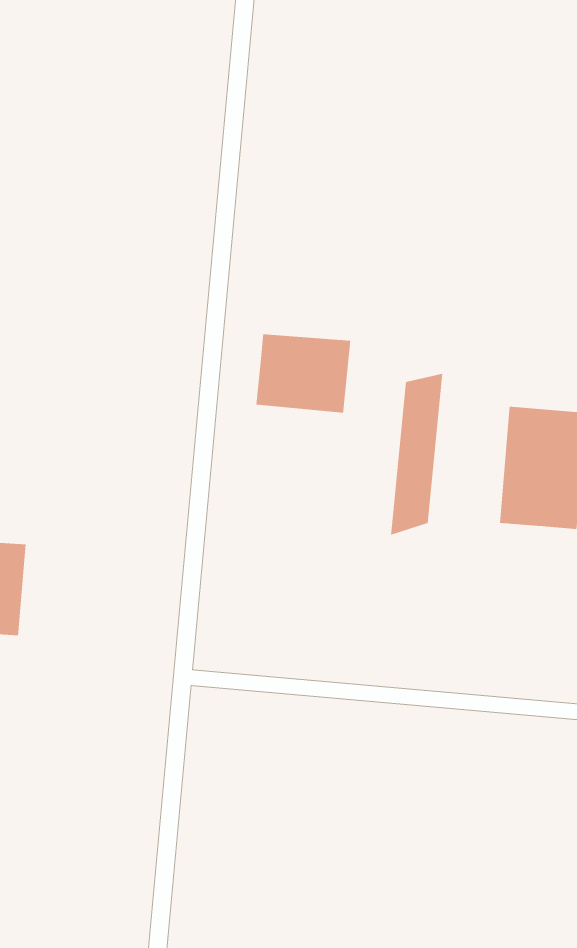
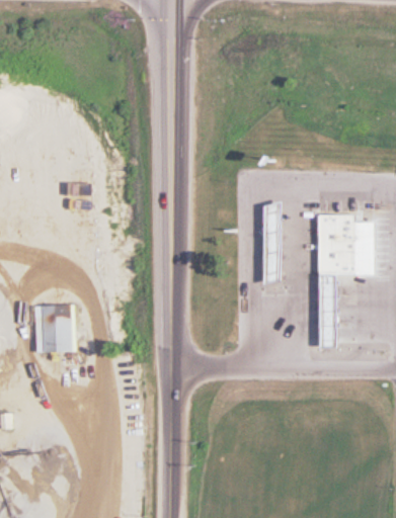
building: [256,334,351,414] -> none
building: none -> [321,276,339,349]

